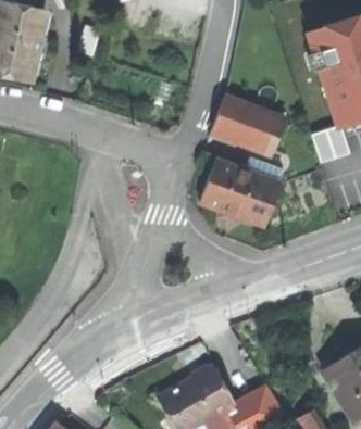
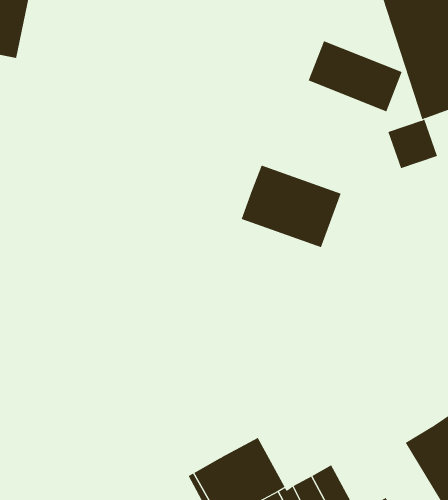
building: [213,94,285,149] -> [308,40,403,112]

